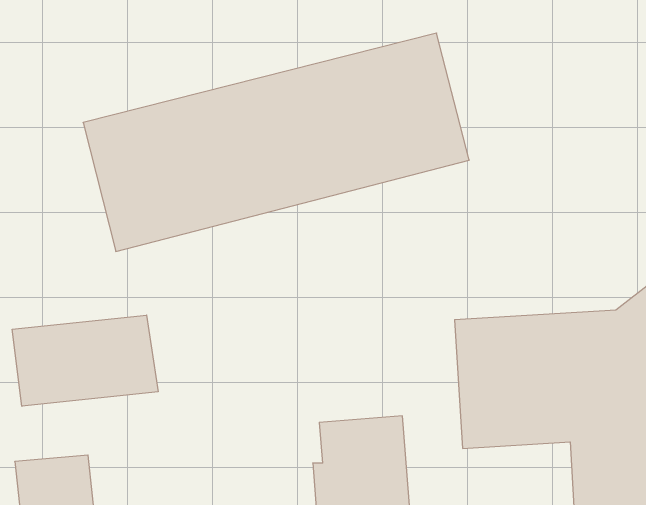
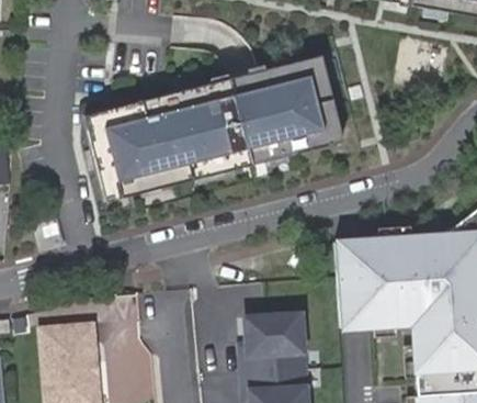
building: [12,315,158,406] -> none

